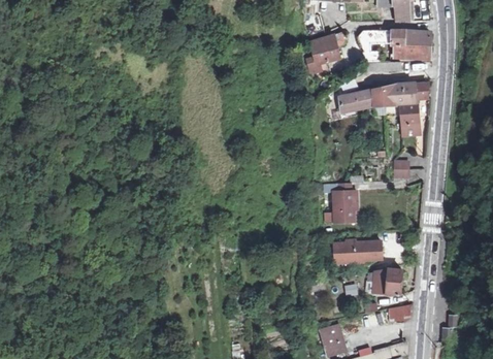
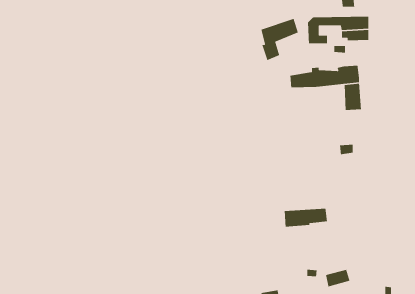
building: [338,185,363,225] -> none
building: [379,267,407,291] -> none

